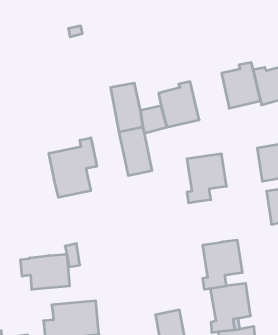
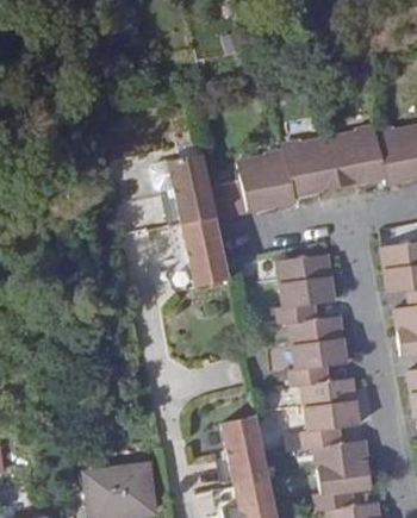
building: none -> [282,138,340,198]
building: [49,138,97,197] -> none
building: none -> [290,314,348,386]
building: [21,254,70,290] -> none
building: none -> [222,417,268,485]

